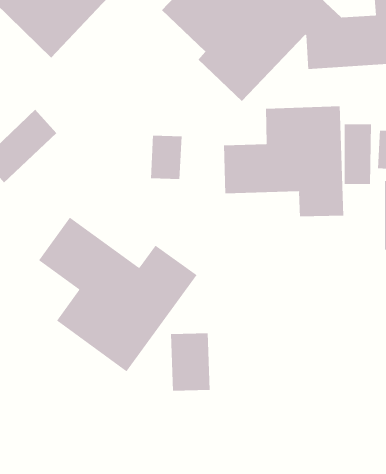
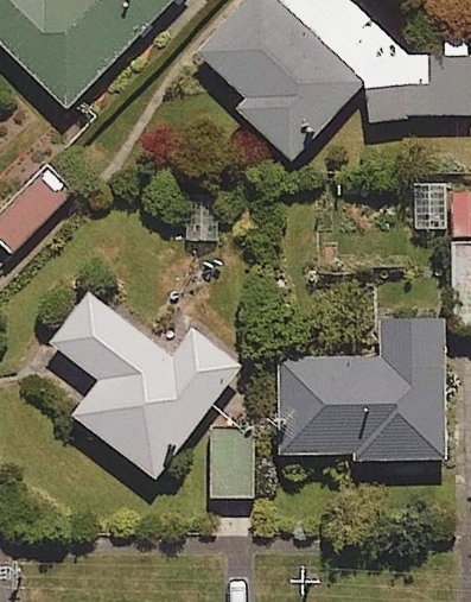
building: [223,106,344,217] -> none
building: none -> [280,313,448,461]

